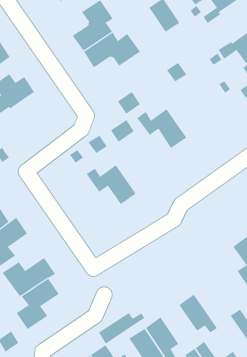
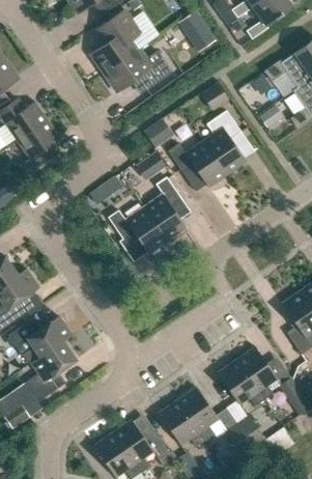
building: none -> [204,110,247,174]
building: none -> [18,120,60,176]
building: none -> [144,177,187,241]
building: none -> [236,346,278,400]
building: [98,312,145,345] -> none

